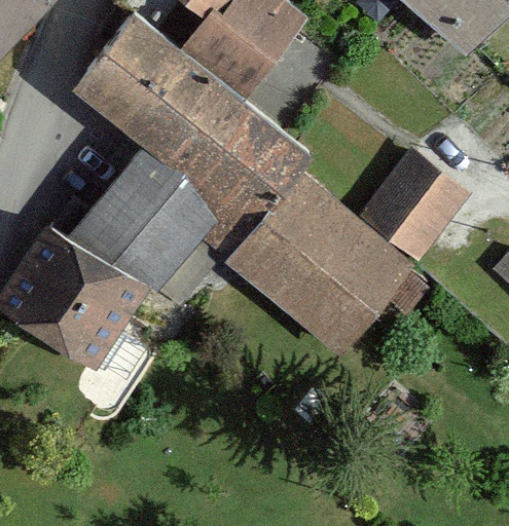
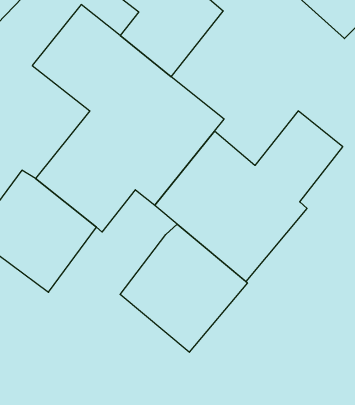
building: none -> [120,224,247,352]

